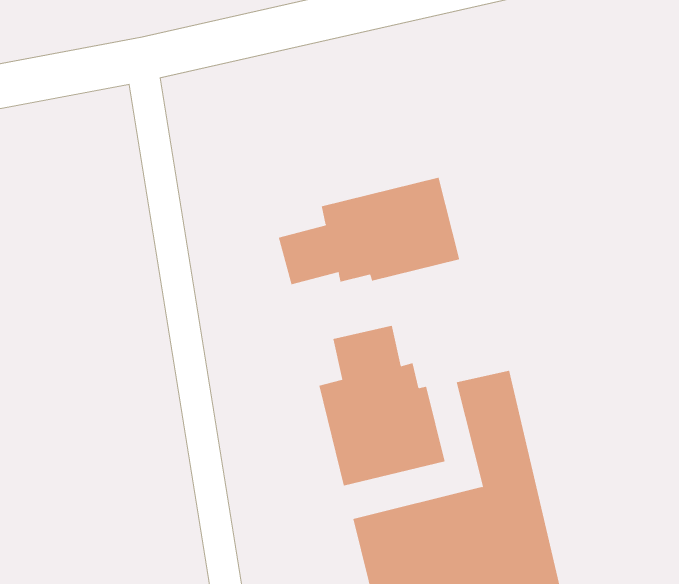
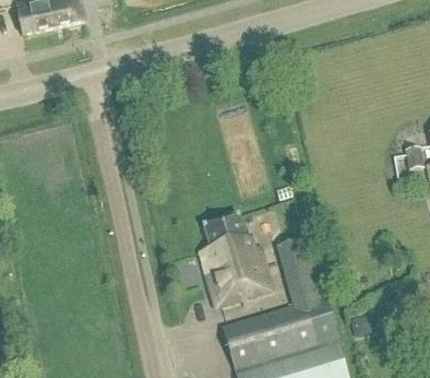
building: [278,177,460,285] -> none

